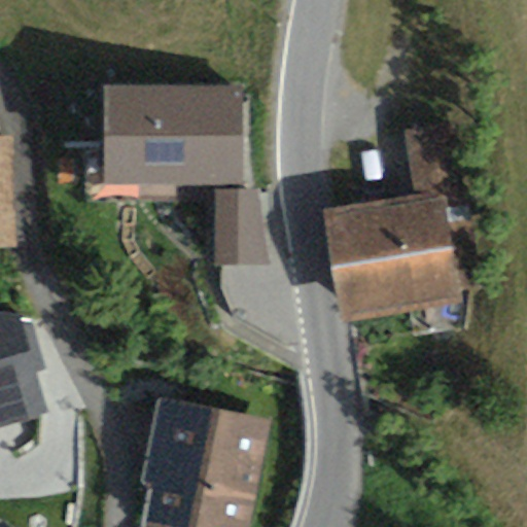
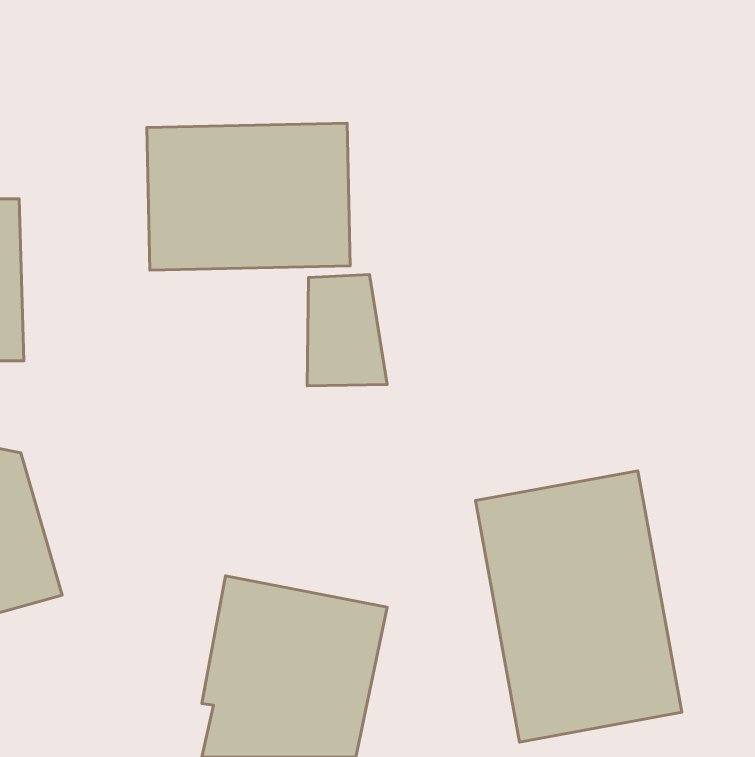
building: [318,126,471,326] -> none
building: none -> [475,471,682,742]

